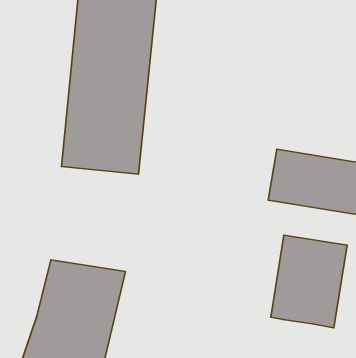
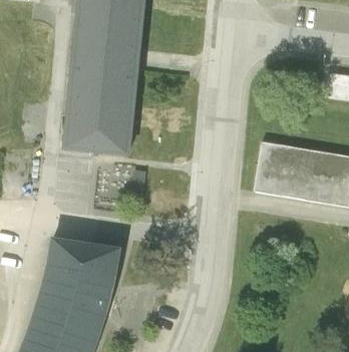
building: [271,235,347,328] -> none

